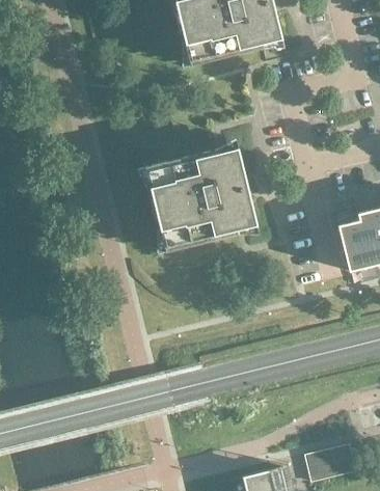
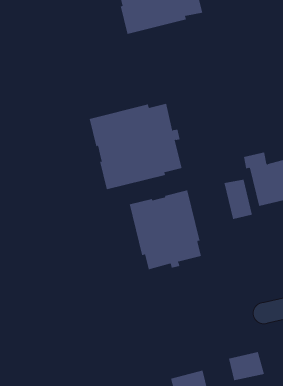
building: none -> [224,179,252,220]
building: none -> [129,189,202,270]

